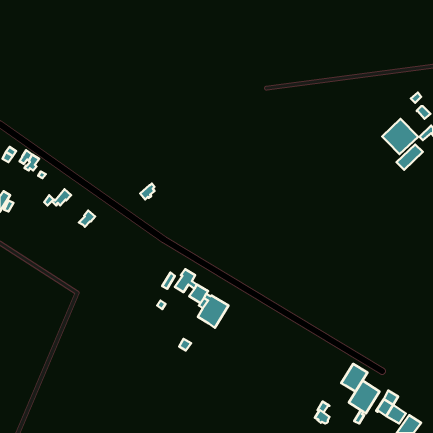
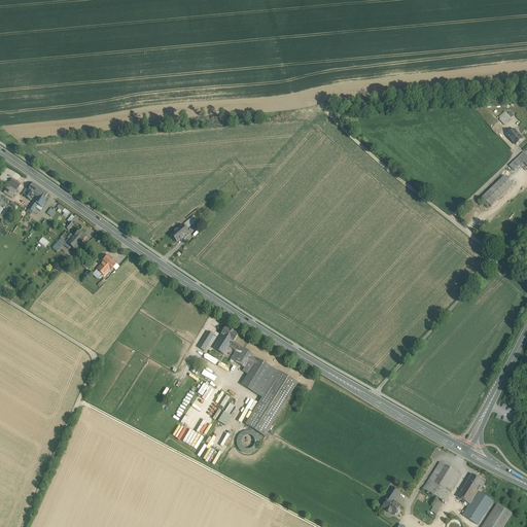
building: [382,119,418,154] -> none
building: none -> [244,371,296,435]
building: [341,364,367,392] -> none

